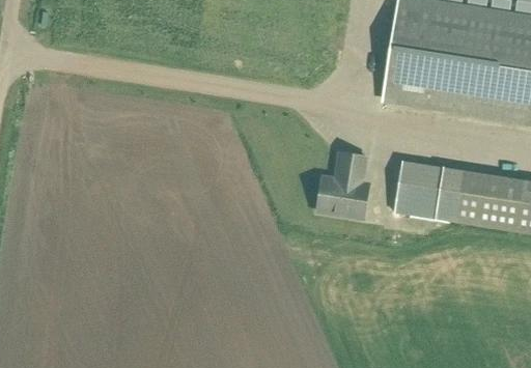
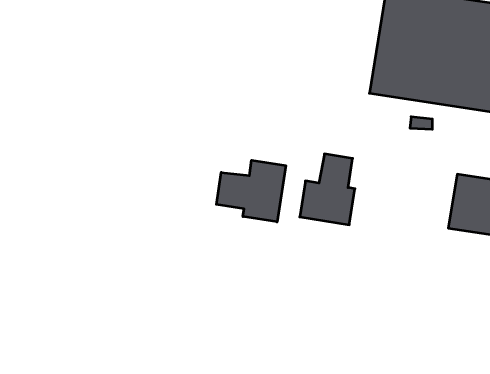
building: none -> [216,160,286,222]
building: [395,160,464,219] -> none

